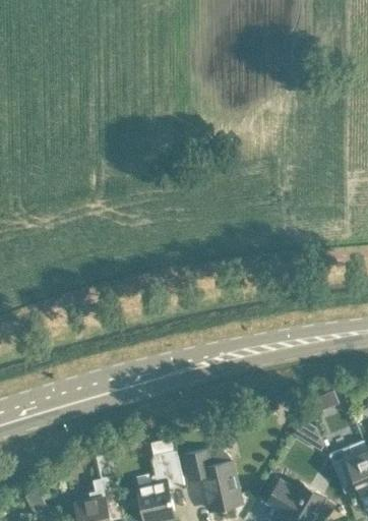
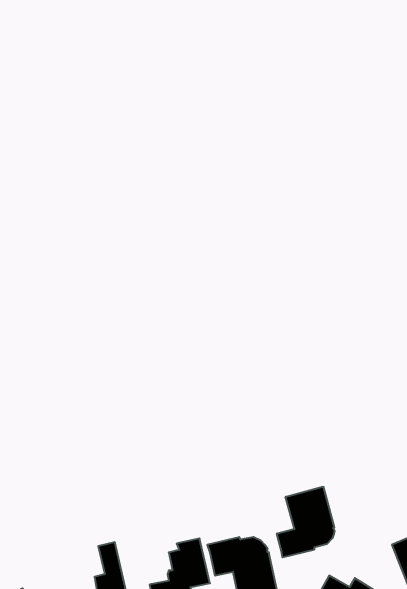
building: none -> [277,487,335,557]

